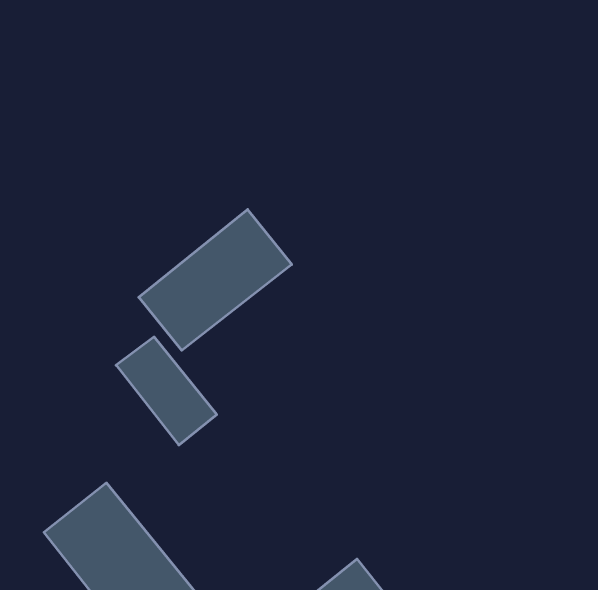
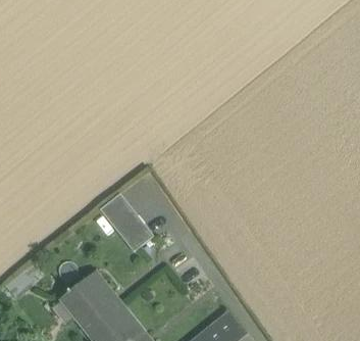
building: [139,209,292,350] -> none

